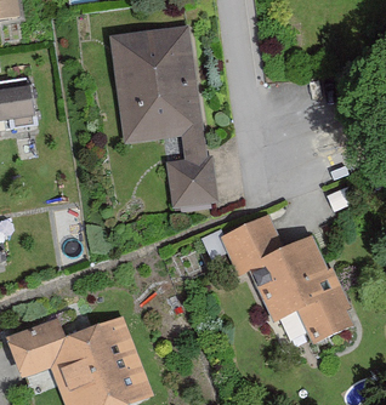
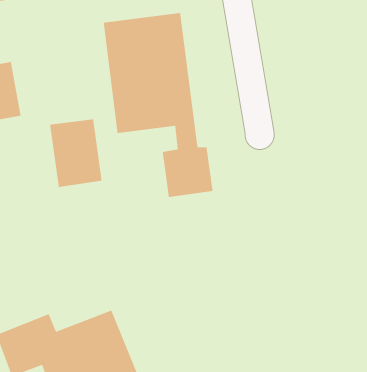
building: none -> [49,118,102,188]
building: [217,211,356,343] -> none

